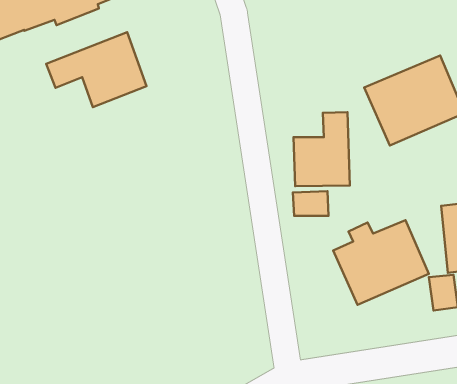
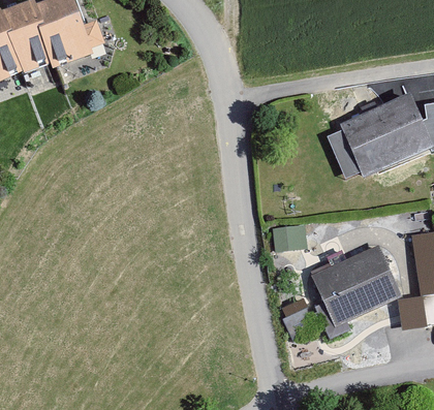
building: [46,32,147,107] -> none
building: [294,112,350,186] -> none

